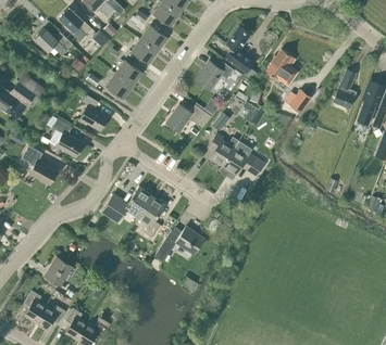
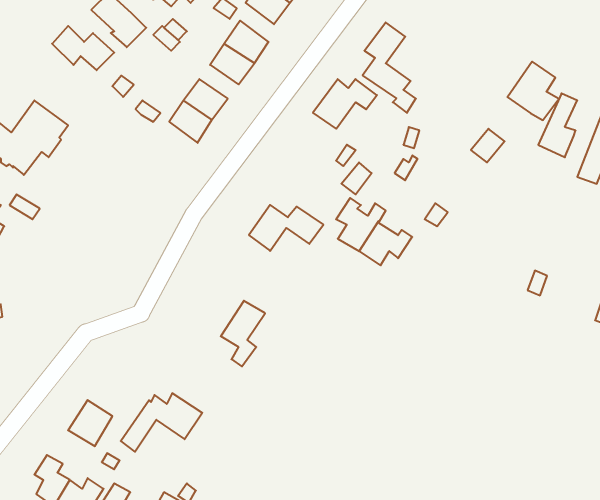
building: [266,49,298,85] -> [507,62,559,120]
building: [80,95,108,131] -> none
building: [166,104,212,132] -> [249,205,323,251]
building: [54,119,84,157] -> none
building: [22,145,58,184] -> none
building: [105,188,152,218] -> none
building: [154,226,204,261] -> [121,393,202,452]

